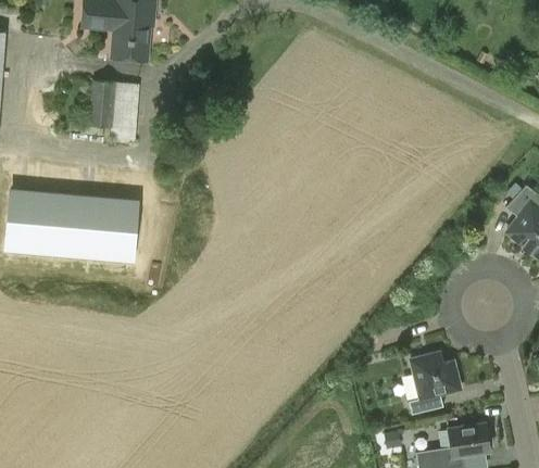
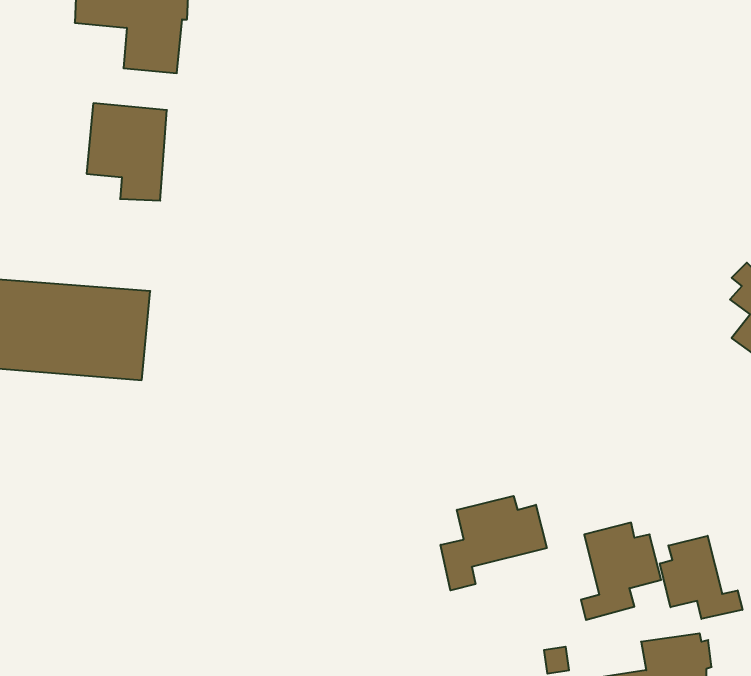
building: none -> [441,496,547,590]
building: none -> [660,536,742,619]

